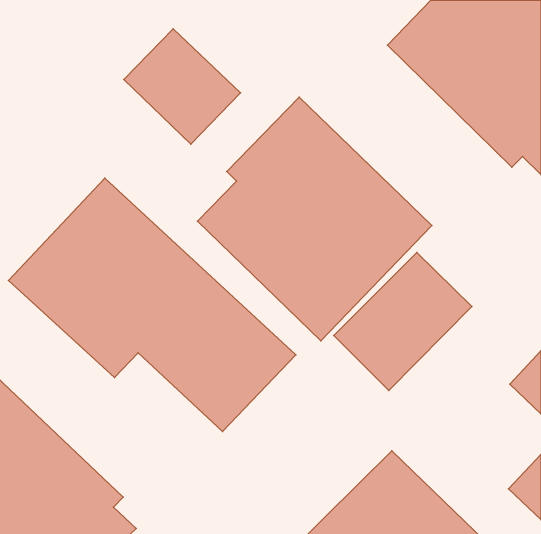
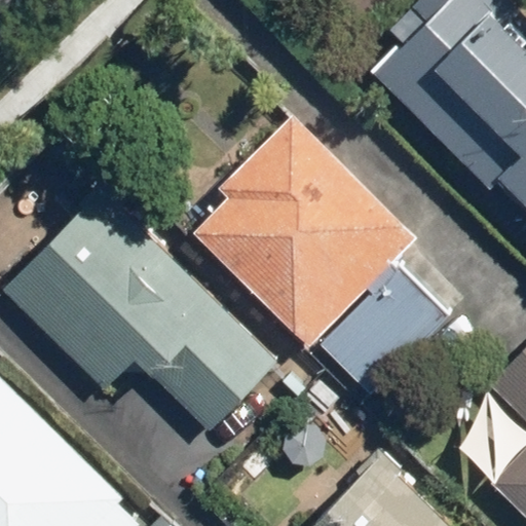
building: [124,29,240,144] -> none

